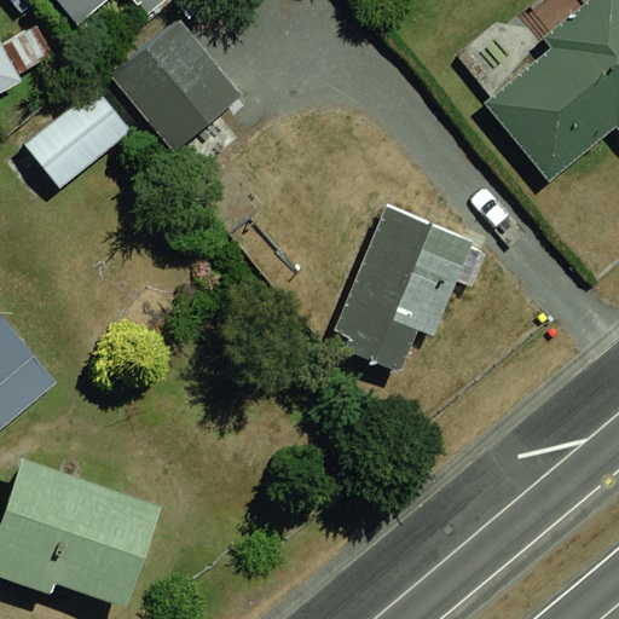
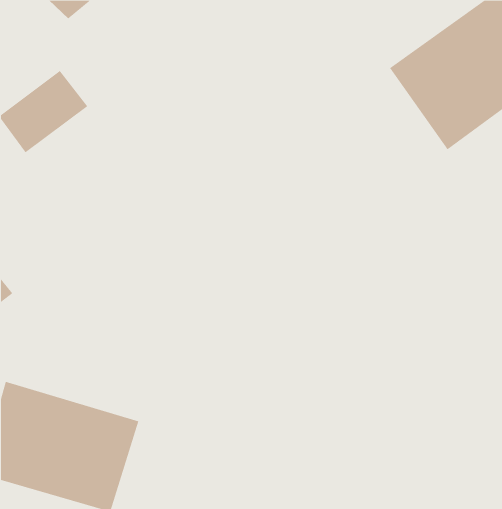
building: [109,15,243,145] -> none
building: [330,209,453,364] -> none

